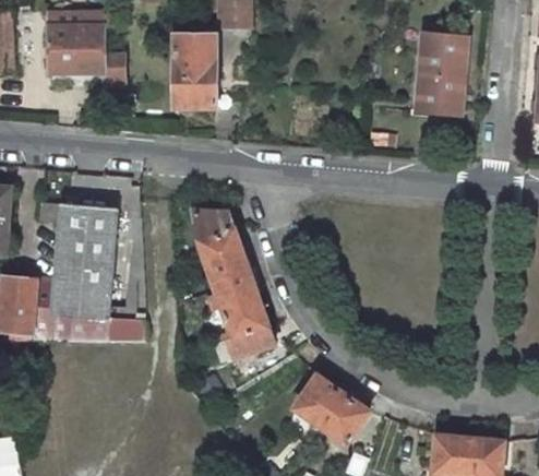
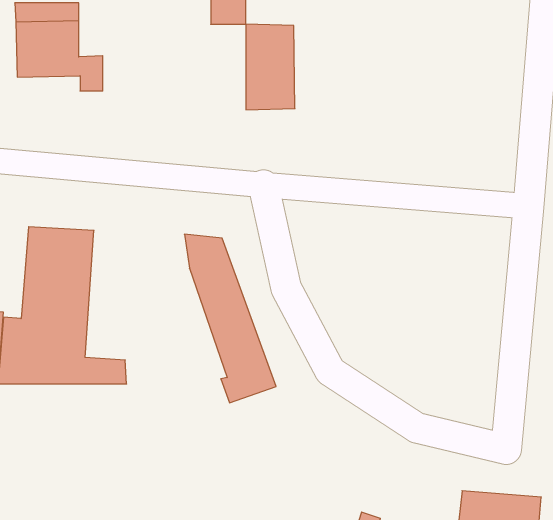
building: [173,34,216,108] -> [246,24,295,110]
building: [416,34,467,114] -> none
building: [294,372,370,442] -> none

